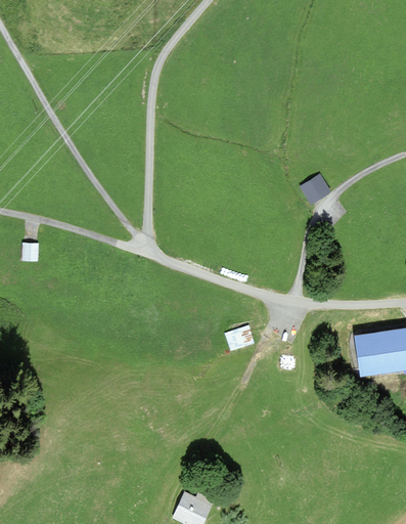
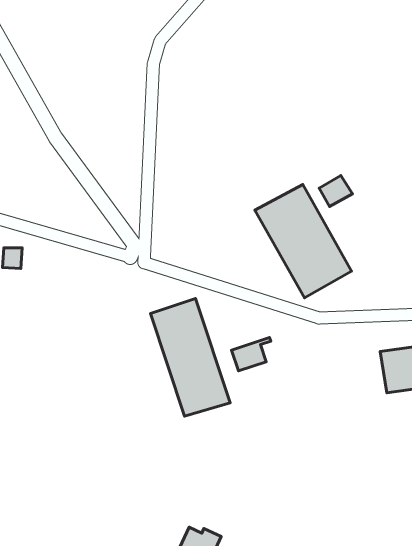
building: none -> [255,185,352,298]
building: none -> [150,299,230,416]

